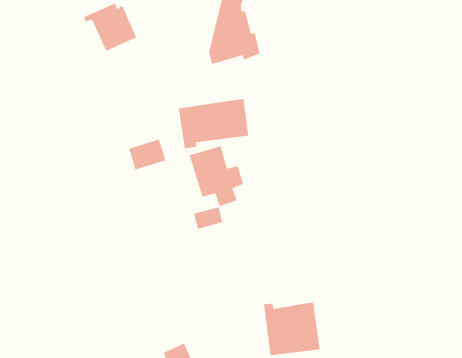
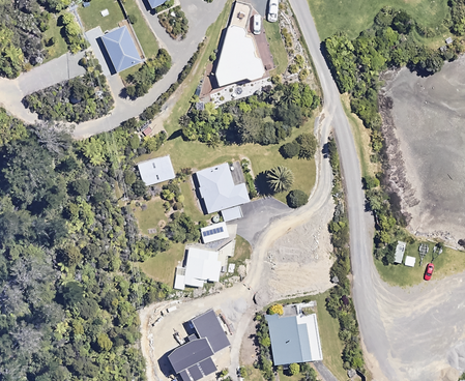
building: [178,98,249,149] -> none
building: none -> [175,239,234,290]
building: none -> [186,317,228,358]

